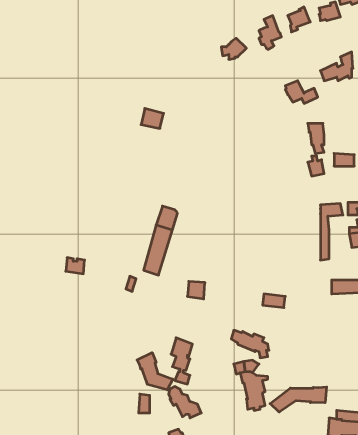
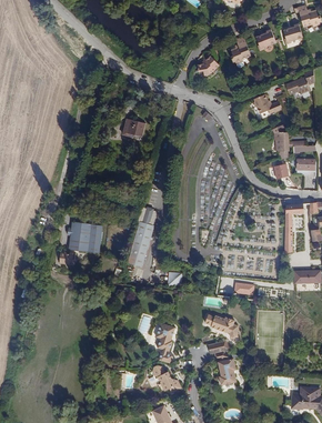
building: none -> [68,221,102,252]
building: [137,353,173,390] -> none
building: [270,387,327,412] -> none

